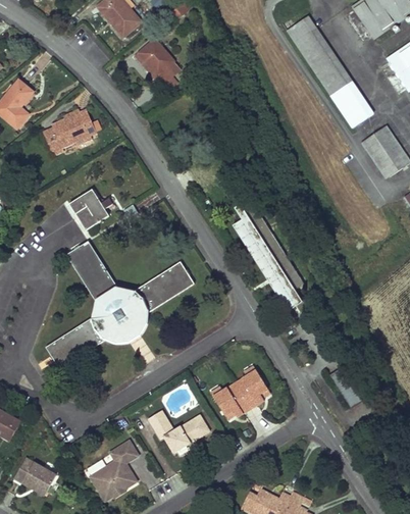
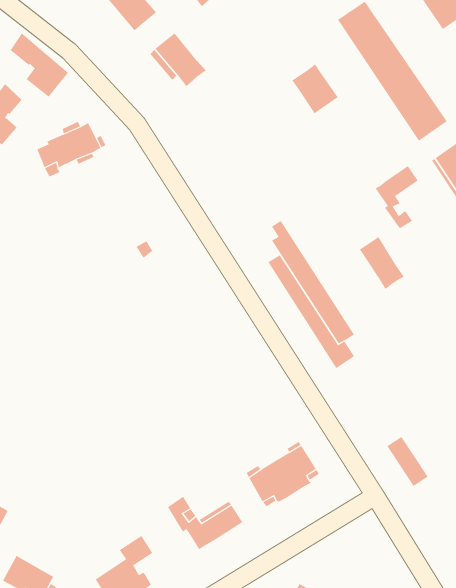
building: none -> [10,33,69,97]
building: none -> [291,64,339,114]
building: none -> [375,165,419,229]
building: [66,190,108,229] -> none
building: none -> [359,236,405,290]
building: [46,241,194,368] -> none

